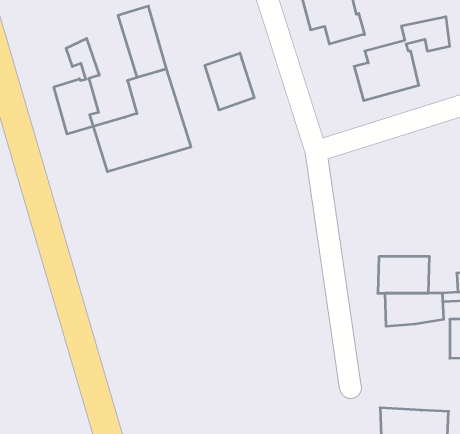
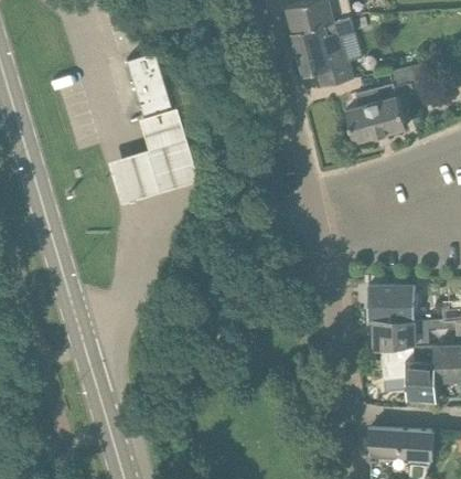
building: [54,38,99,134] -> none
building: [205,53,254,110] -> none
building: none -> [403,345,436,400]

